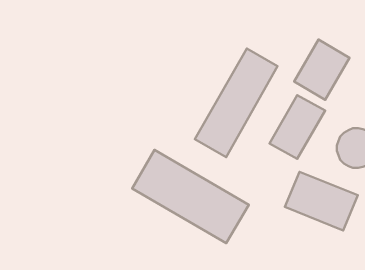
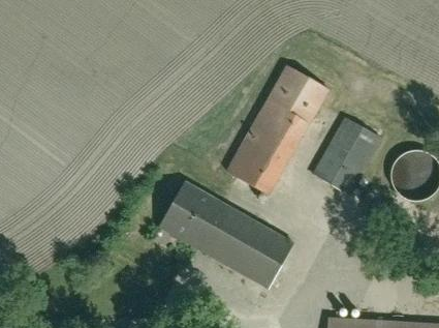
building: [294,39,349,100] -> none
building: [285,172,358,230] -> none

